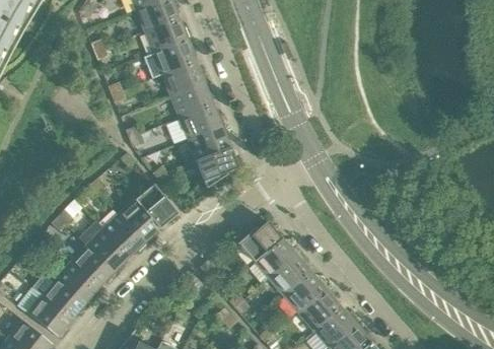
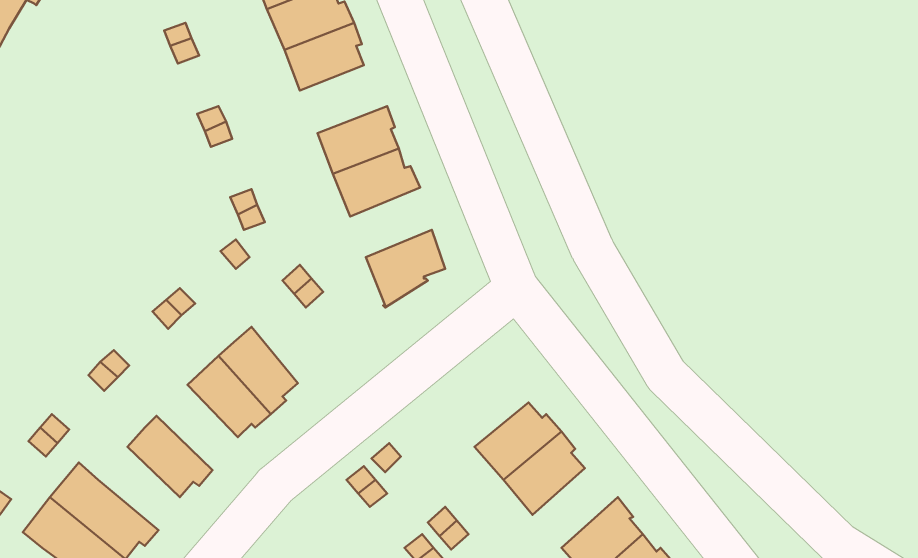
building: [161,62,207,97] -> none
building: [188,126,230,162] -> none
building: [136,185,178,228] -> none
building: [79,222,129,274] -> none
building: [236,222,281,262] -> none
building: [56,262,98,305] -> none
building: [283,273,328,315] -> none

